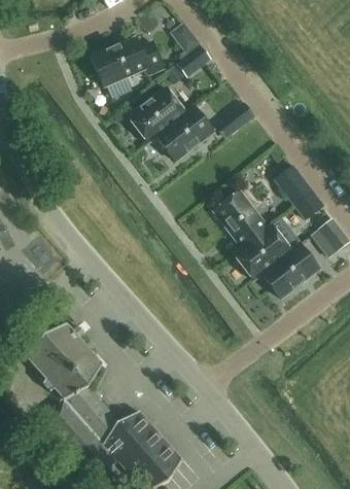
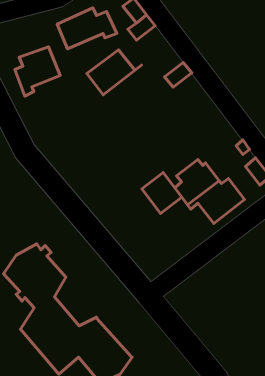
building: none -> [15,47,60,96]
building: [147,106,213,161] -> none
building: [274,165,314,207] -> none
building: [213,190,261,240] -> [142,173,182,213]

